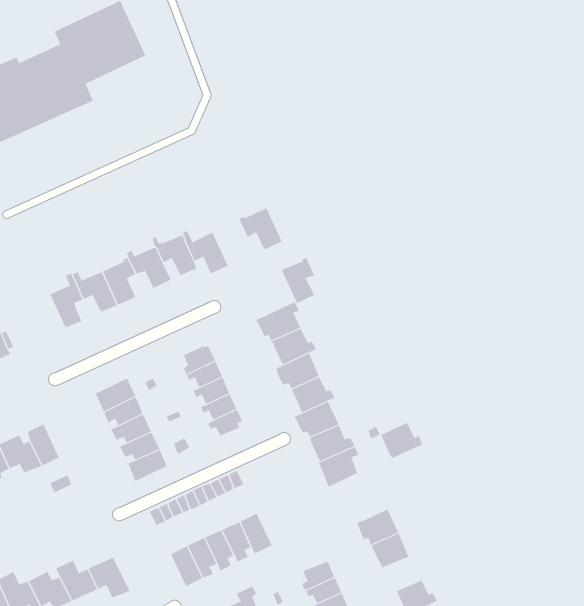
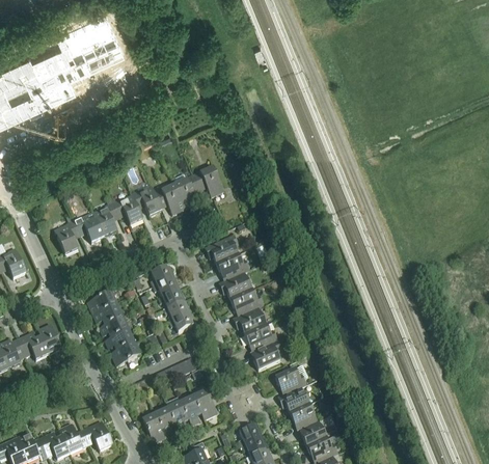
building: [281,257,315,304] -> [174,174,199,209]
building: [381,422,423,459] -> [276,367,307,394]
building: none -> [300,420,327,446]

